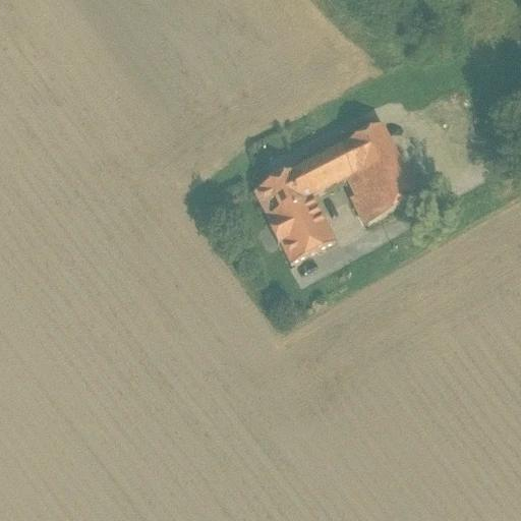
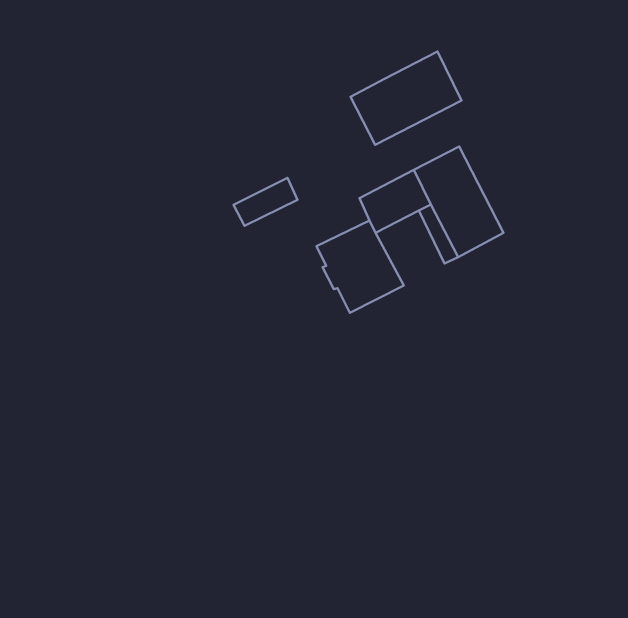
building: none -> [350,51,461,145]
building: [252,164,305,204] -> [233,178,297,226]

